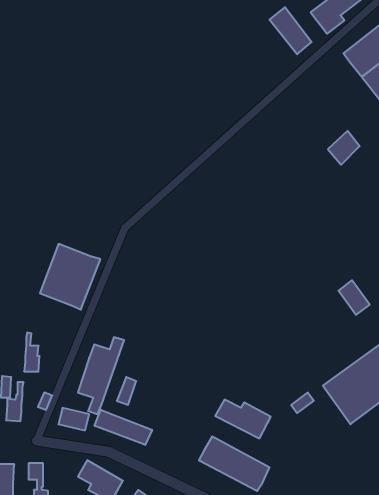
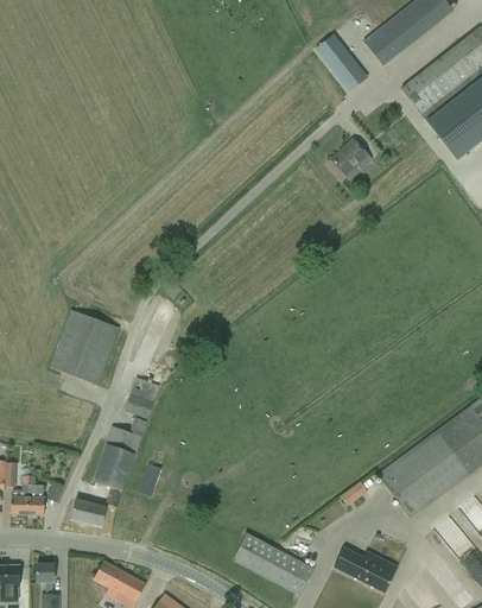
building: [328,131,360,165] -> [331,138,368,177]
building: [338,280,370,315] -> none
building: none -> [125,376,160,418]
building: [24,332,40,371] -> [27,469,45,514]
building: [215,400,271,438] -> [334,546,398,591]
building: [95,410,152,445] -> none

